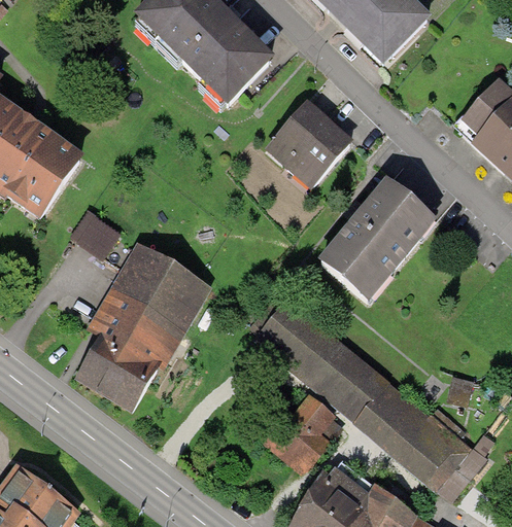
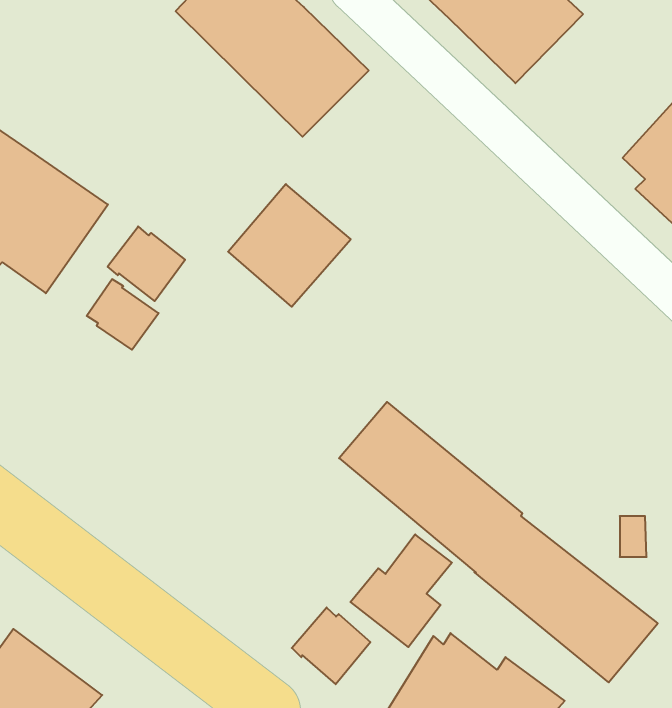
building: [264,99,353,188] -> [228,184,351,307]
building: none -> [108,226,185,301]
building: [317,177,437,301] -> none
building: [74,241,211,411] -> none
building: none -> [292,607,370,684]

